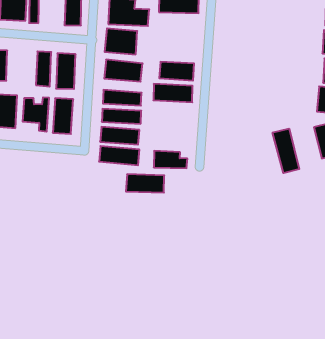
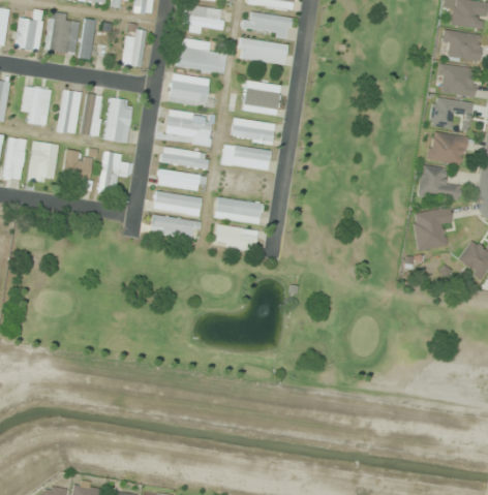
building: none -> [242,81,279,114]
building: none -> [57,89,82,134]
building: [273,129,299,173] -> none
building: [126,174,164,193] -> [214,197,262,223]

